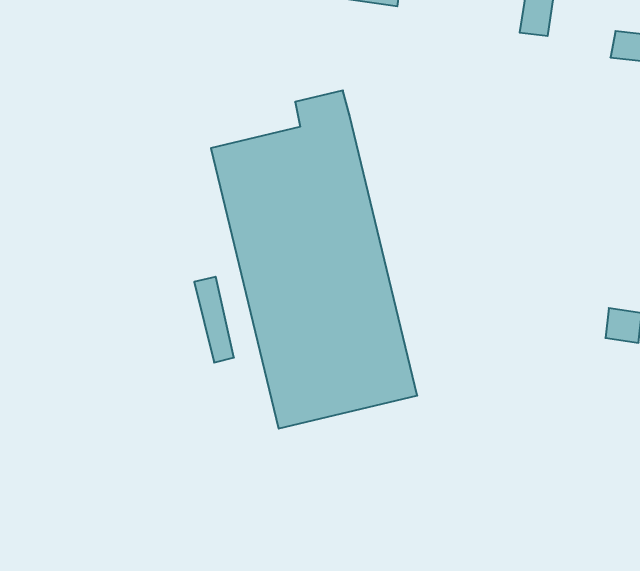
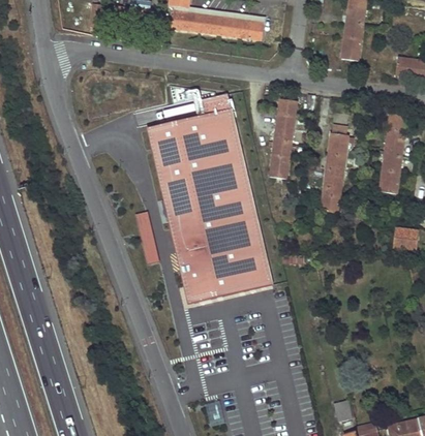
building: none -> [269,98,297,178]
building: none -> [380,114,405,192]
building: none -> [320,133,346,213]

